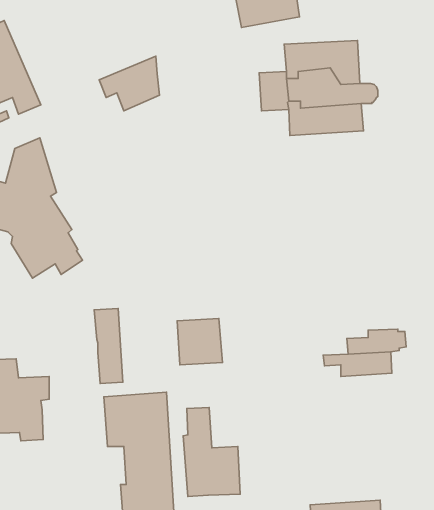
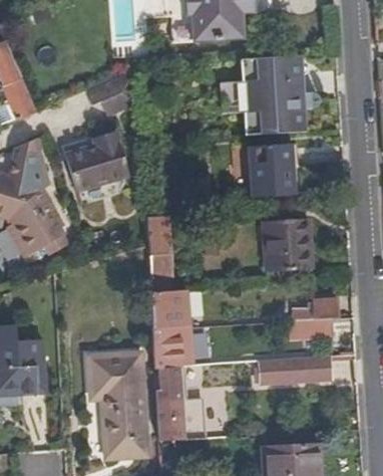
building: none -> [62,137,128,202]
building: none -> [247,144,295,197]
building: none -> [263,214,309,266]
building: [94,309,123,383] -> [144,216,168,279]
building: none -> [152,327,192,368]
building: none -> [258,355,332,384]

